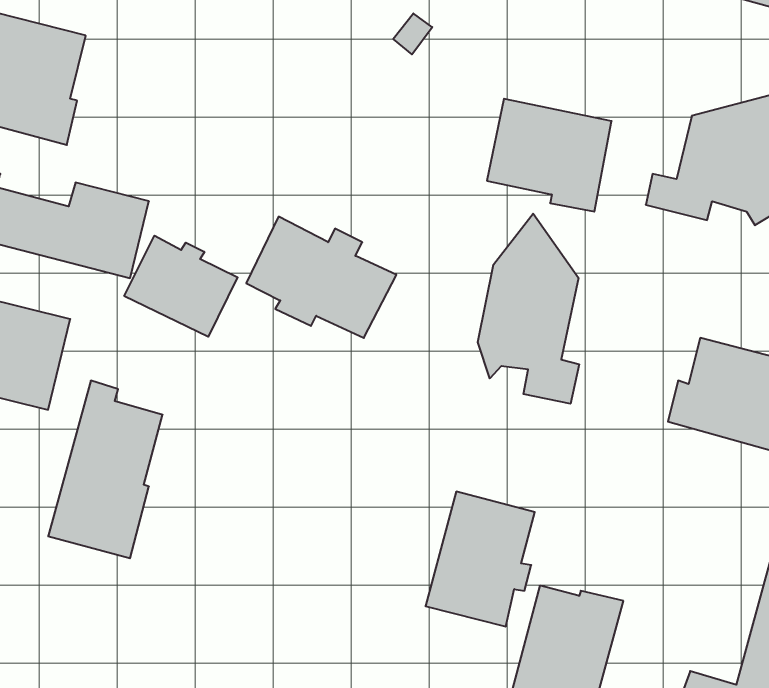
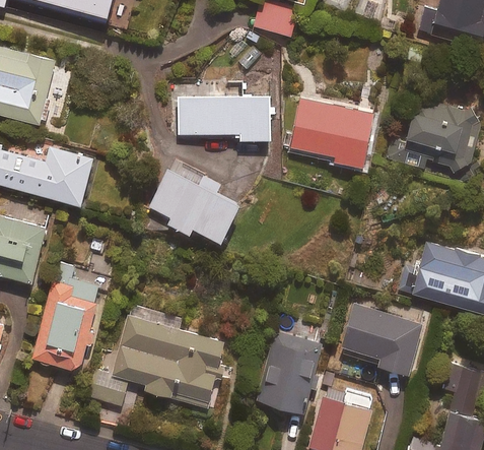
building: none -> [182,93,271,137]
building: [478,214,579,404] -> none
building: [124,236,238,337] -> none
building: none -> [342,305,422,374]
building: none -> [87,307,224,407]

